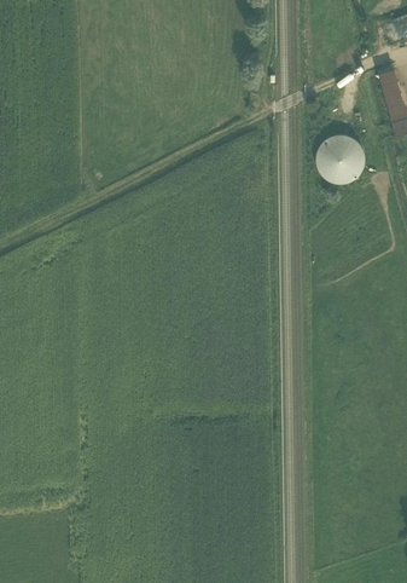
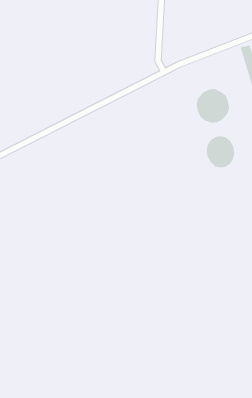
building: none -> [206,135,235,168]

